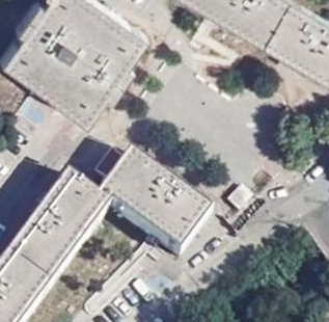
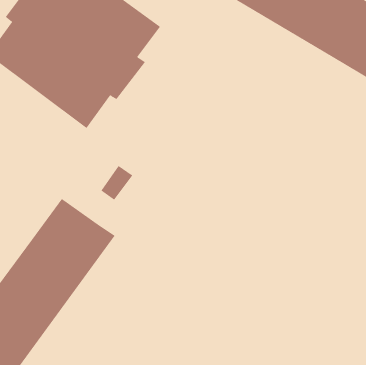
building: [94,156,209,259] -> none

